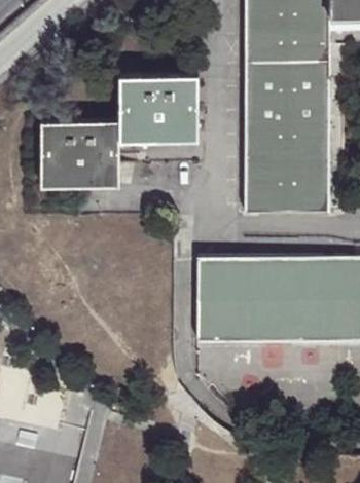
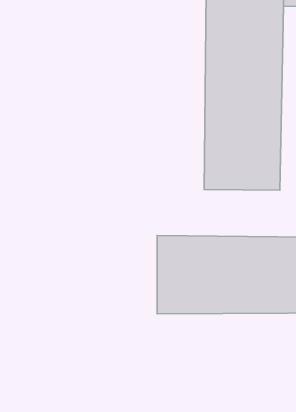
building: [38,75,200,187] -> none

